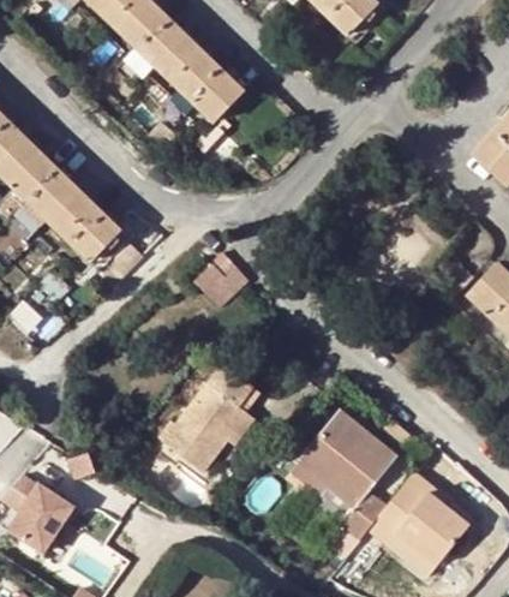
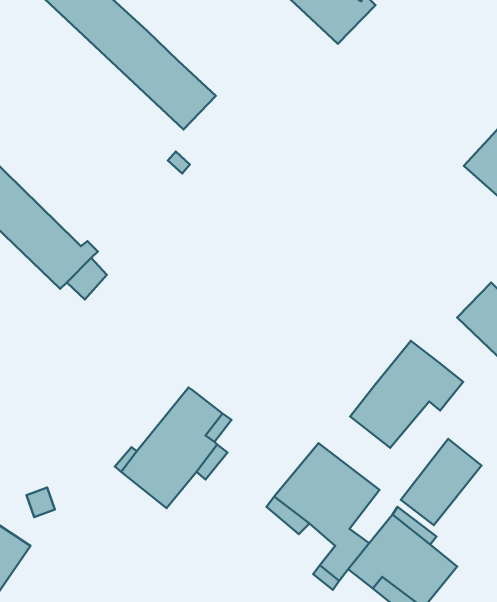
building: [196,256,247,309] -> none
building: none -> [350,341,463,448]
building: none -> [401,439,482,525]

